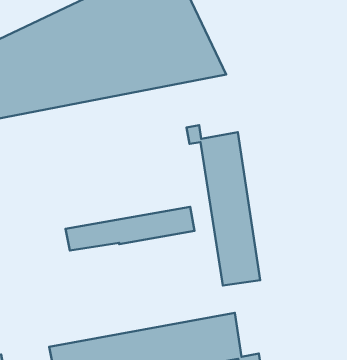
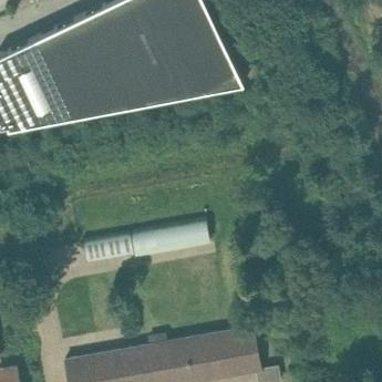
building: [187,125,260,285] -> none

